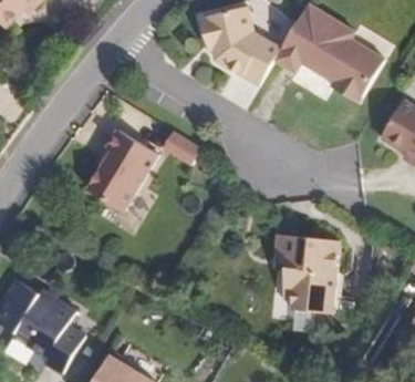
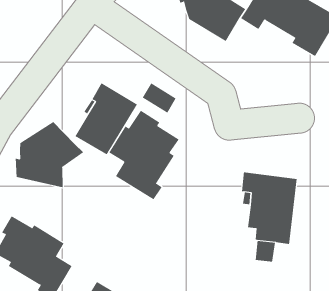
building: none -> [109,110,179,200]
building: none -> [15,121,84,188]

